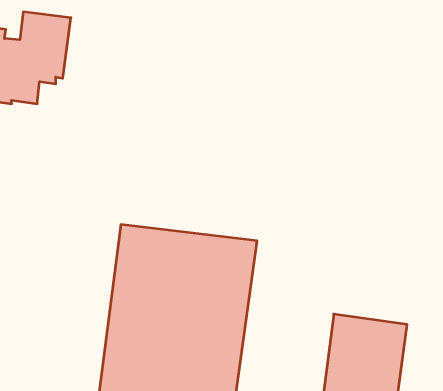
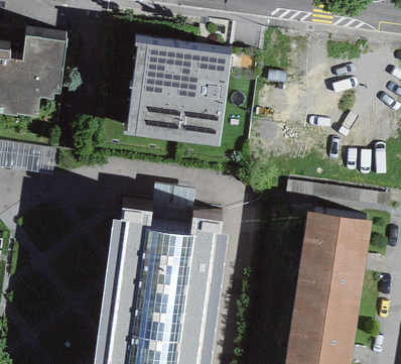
building: none -> [125,40,232,142]
building: none -> [295,210,372,302]

